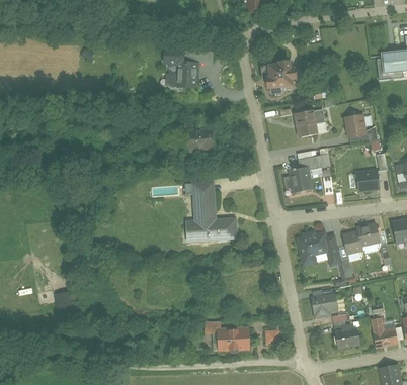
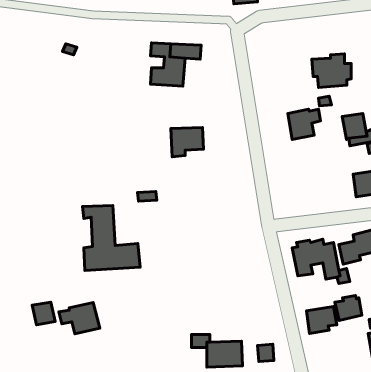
building: [258,55,295,86] -> [312,54,351,87]
building: [284,153,331,193] -> none
building: [185,180,239,240] -> [83,205,140,270]
building: none -> [59,303,100,334]
building: [333,324,358,348] -> [335,296,362,321]

